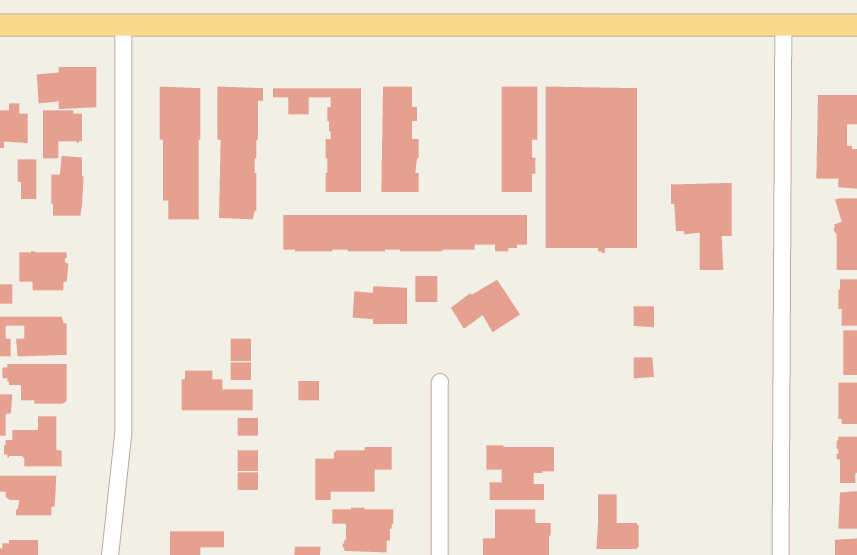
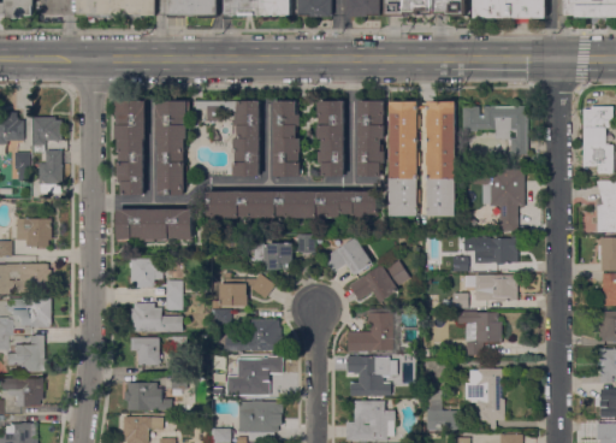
building: [36,66,97,110] -> none
building: none -> [316,100,343,176]
building: none -> [461,106,526,160]
building: none -> [117,209,191,242]
building: none -> [478,237,516,265]
building: none -> [128,258,170,287]
building: none -> [349,260,409,303]
building: none -> [218,272,273,306]
building: none -> [473,274,515,302]
building: none -> [346,309,397,354]
building: none -> [456,311,499,355]
building: none -> [224,319,282,352]
building: none -> [129,337,160,365]
building: none -> [463,368,503,427]
building: none -> [123,382,170,409]

